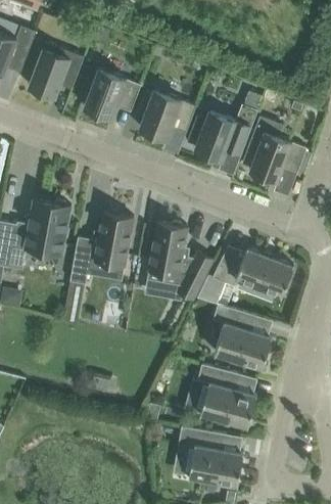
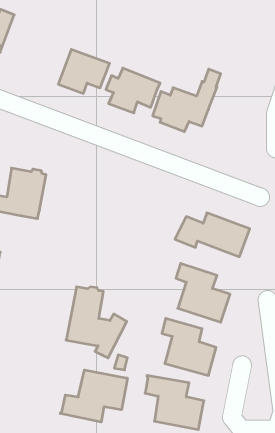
building: [28,43,84,97] -> none
building: [242,117,306,182] -> none
building: [69,212,133,285] -> none
building: [146,223,212,301] -> [66,287,127,358]
building: none -> [60,370,127,422]

